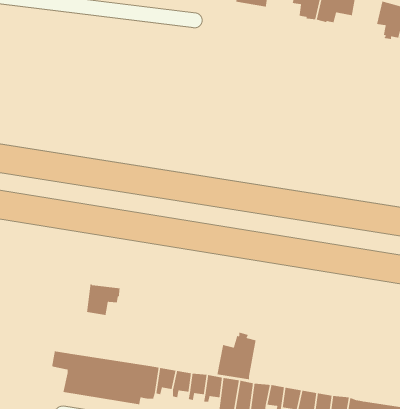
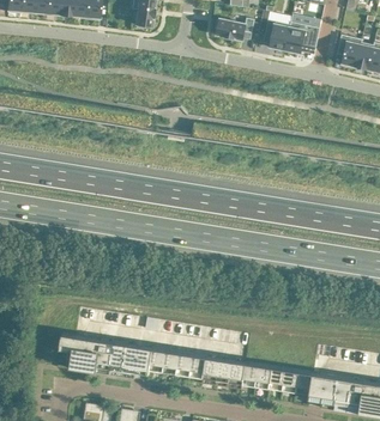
building: [86,283,121,316] -> none
building: [216,331,257,380] -> none

